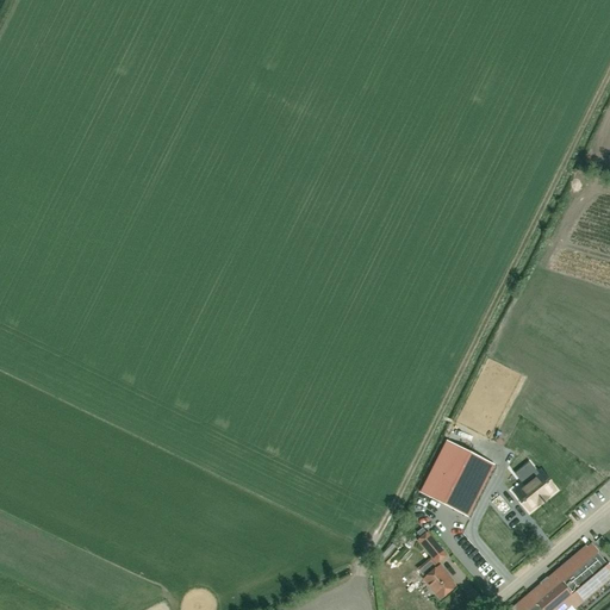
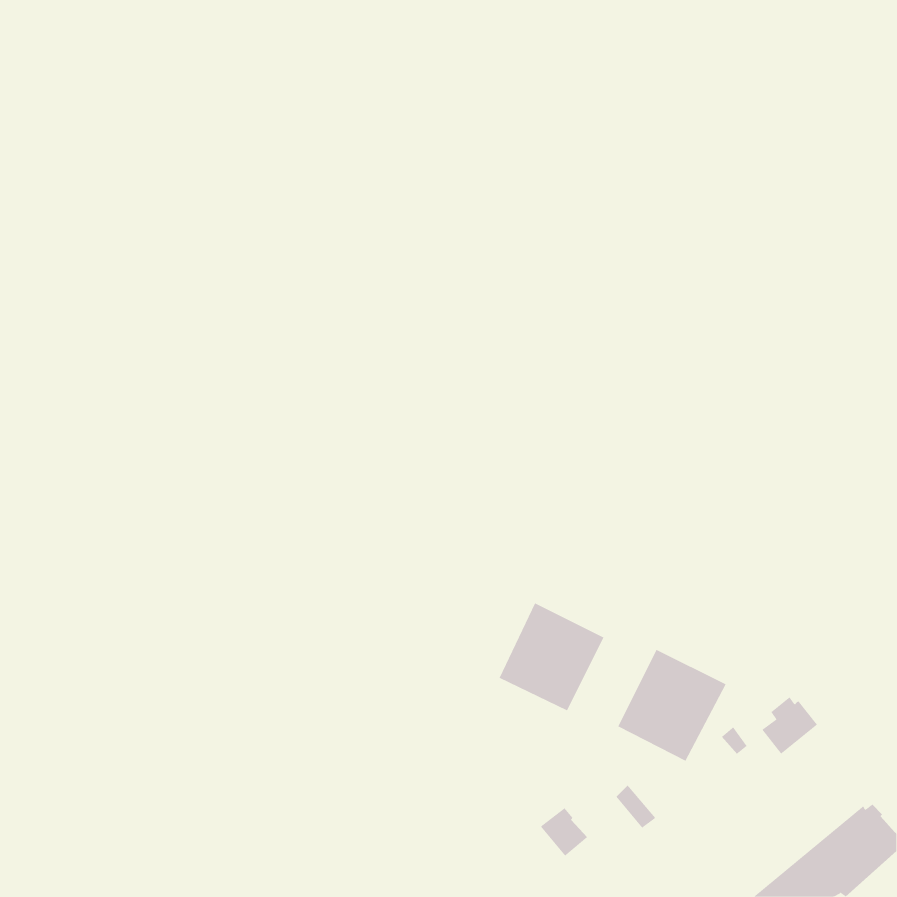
building: none -> [499,602,604,711]
building: [422,565,454,598] -> [540,807,588,857]

